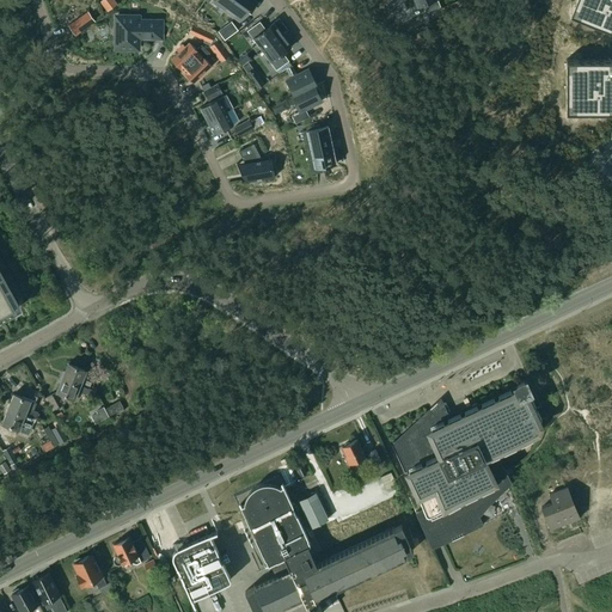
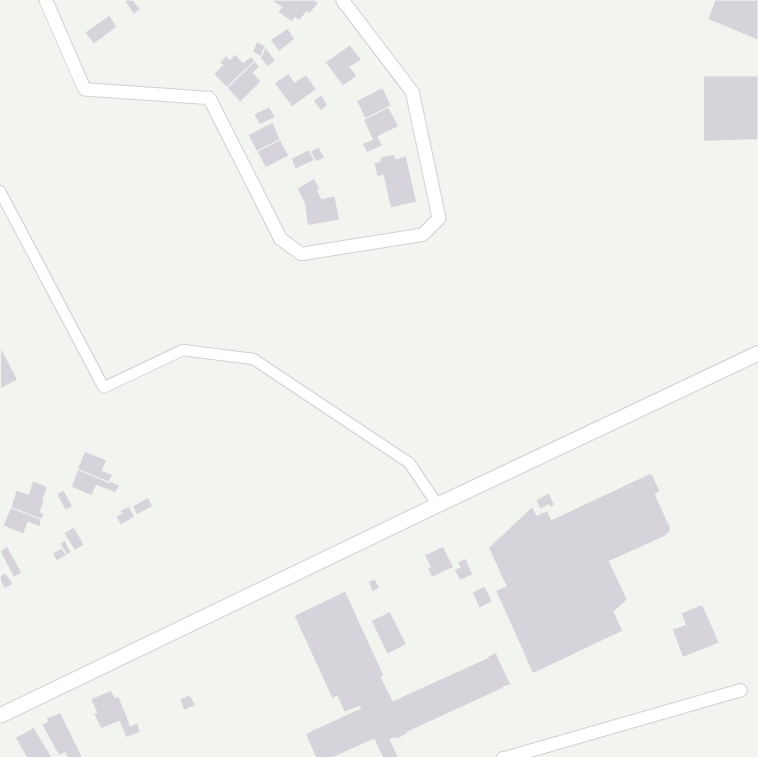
building: [116,18,161,50] -> none
building: [247,24,282,51] -> [274,73,317,107]
building: [171,534,231,600] -> none
building: [114,538,151,567] -> none

